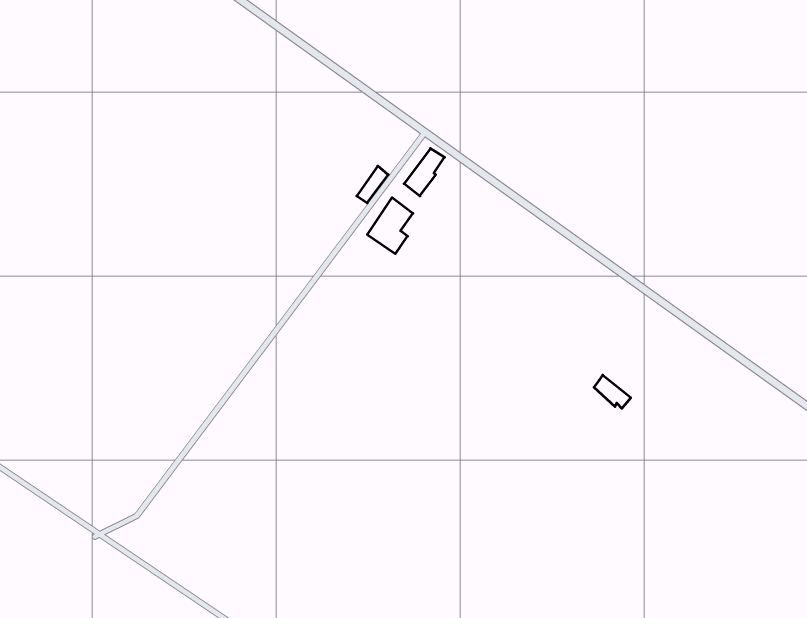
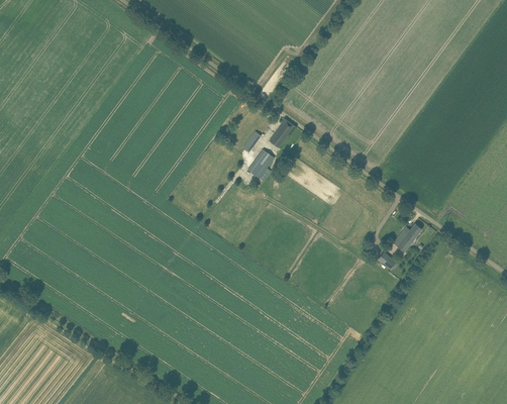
building: none -> [393,223,422,251]

